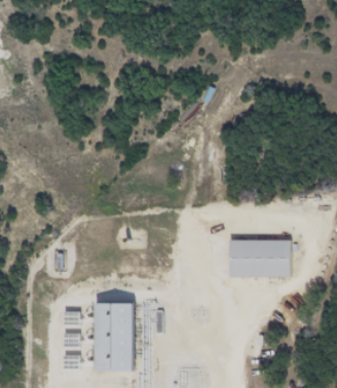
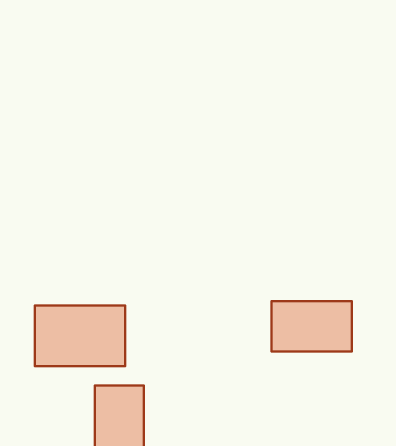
building: none -> [35,305,125,366]

